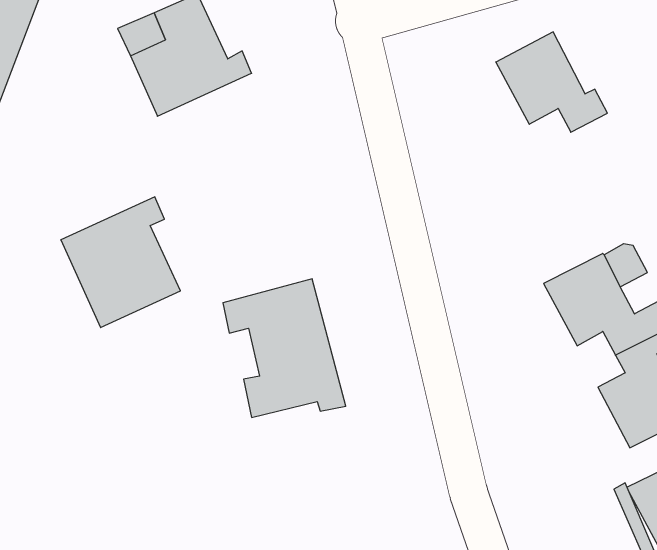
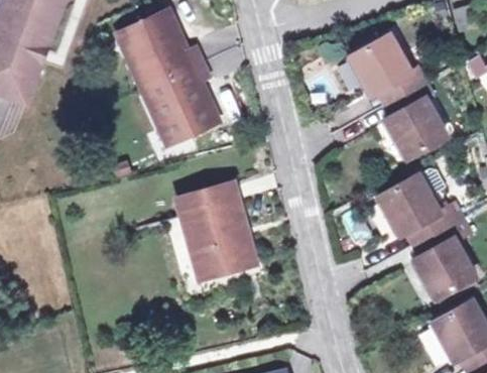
building: none -> [387,86,441,154]
building: [61,197,180,328] -> [137,60,213,143]

